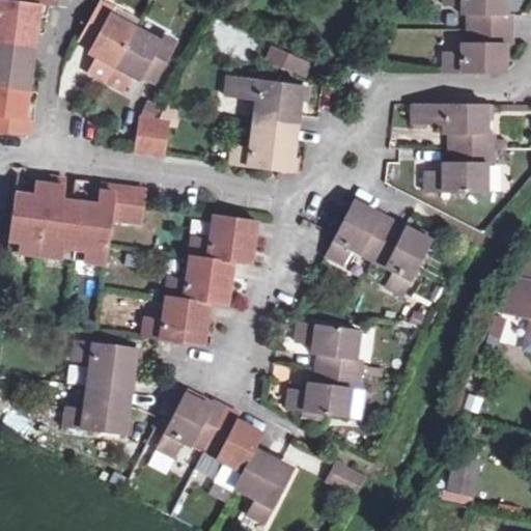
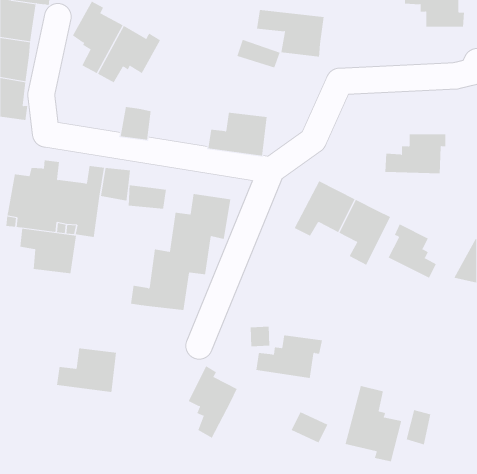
building: [446,30,514,73] -> none
building: [226,77,302,130] -> [256,9,325,57]
building: [428,105,495,148] -> none
building: none -> [128,185,166,209]
building: none -> [388,223,436,278]
building: [292,325,359,378] -> none
building: [73,340,136,391] -> [20,228,77,274]
building: [157,391,228,455] -> none
building: none -> [345,385,402,462]
building: [235,446,296,521] -> none

